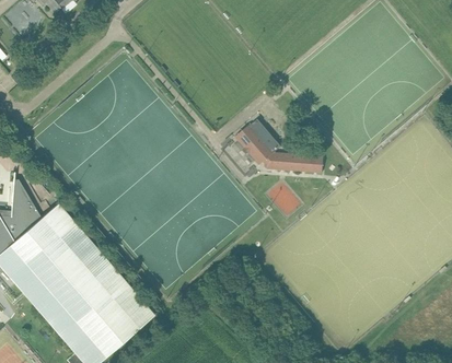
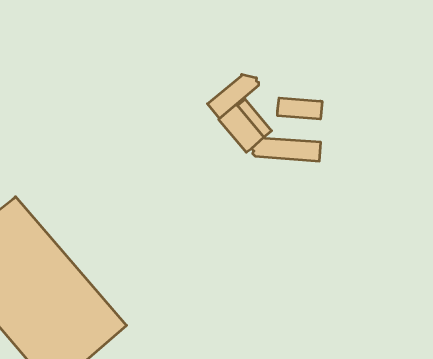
building: none -> [207,74,259,118]
building: none -> [278,98,322,119]

